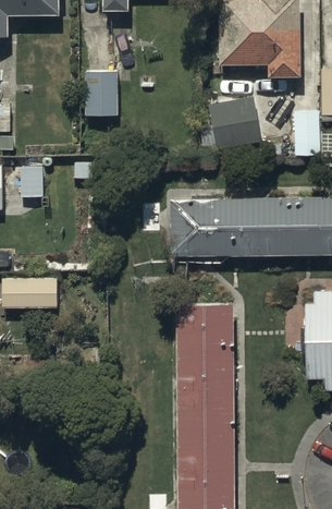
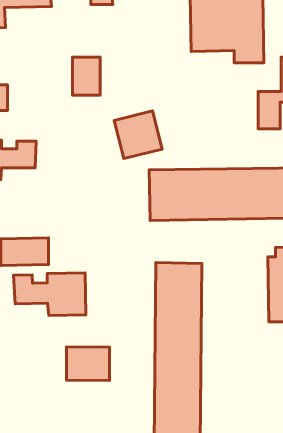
building: [207,95,261,149] -> [114,111,162,159]
building: none -> [14,273,86,316]
building: none -> [66,347,110,380]

